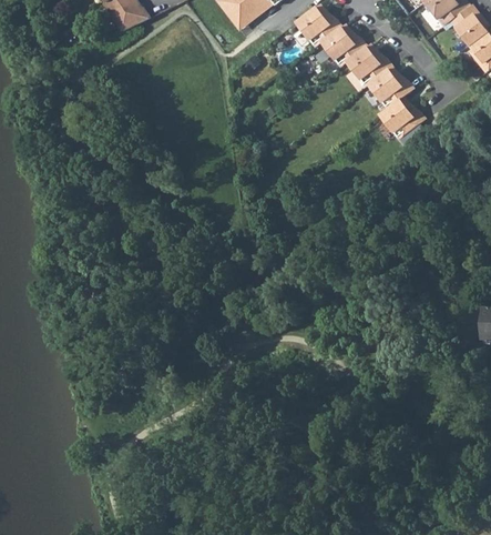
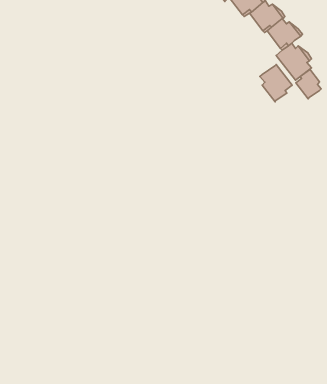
building: none -> [260,64,292,102]
building: none -> [296,69,321,99]

